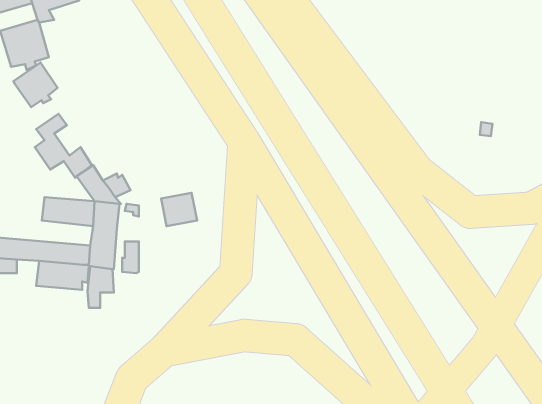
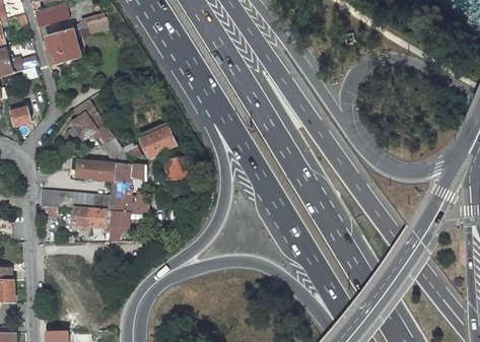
building: [13,63,58,107] -> none
building: none -> [140,127,177,157]

